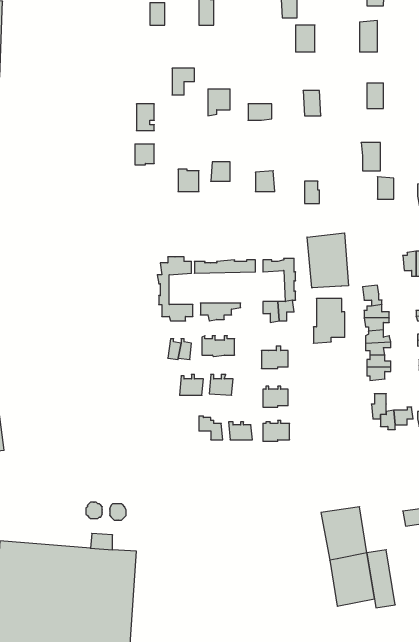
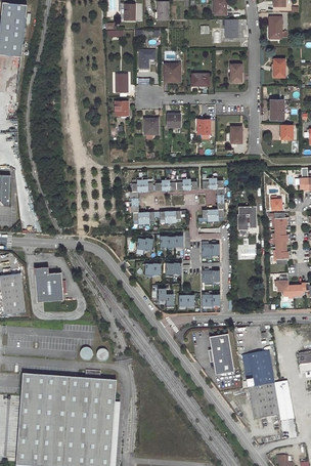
building: [307,233,348,288] -> none
building: none -> [35,266,63,301]
building: none -> [209,334,234,375]

